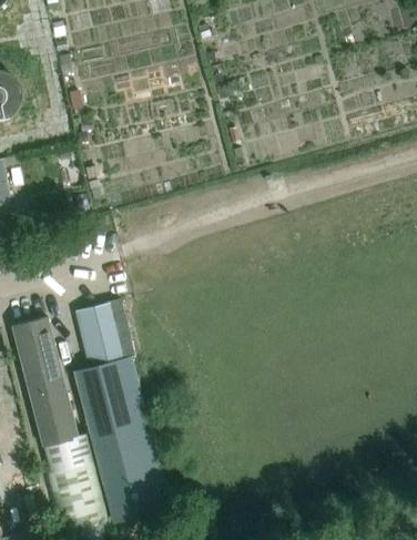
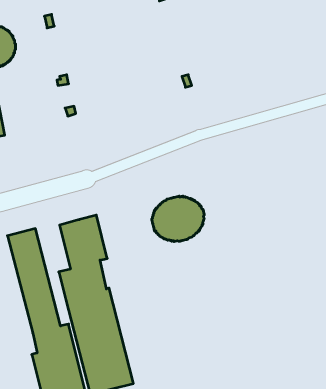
building: none -> [152,196,204,242]

